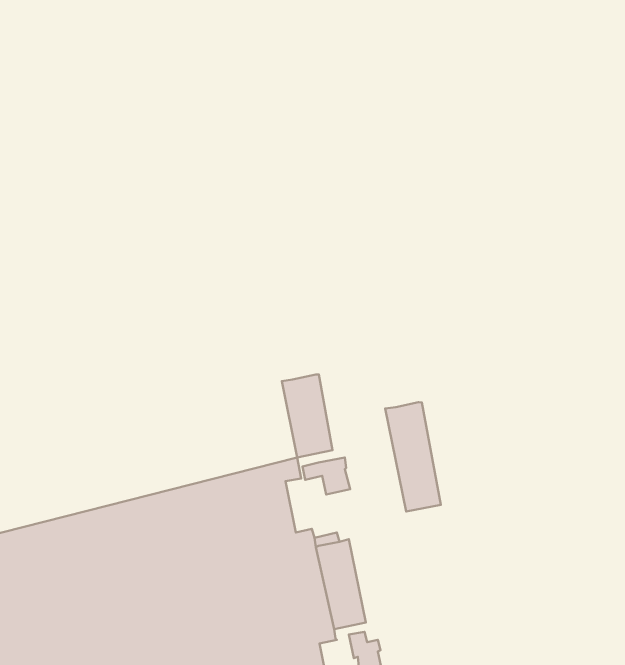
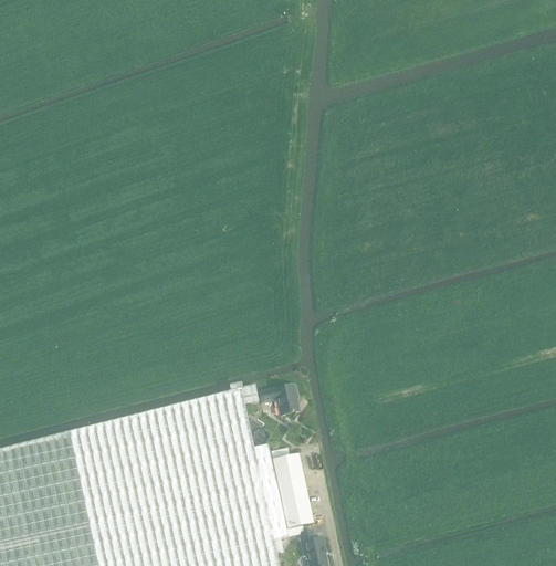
building: [282,375,332,457] -> none
building: [385,402,441,512] -> none

